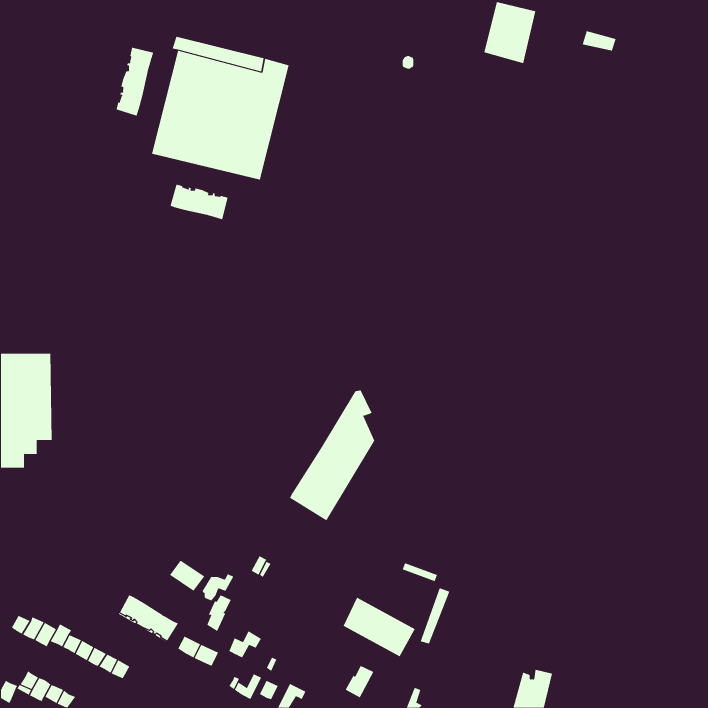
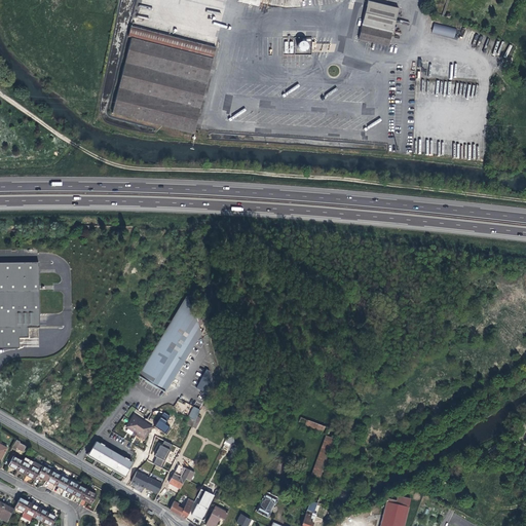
building: [116,47,154,116] -> none
building: [170,184,228,220] -> none
building: [289,390,375,521] -> [138,295,201,392]
building: [343,597,415,657] -> none

